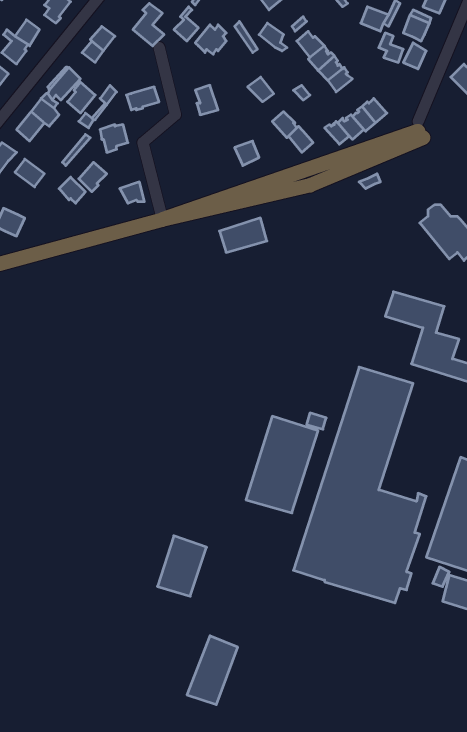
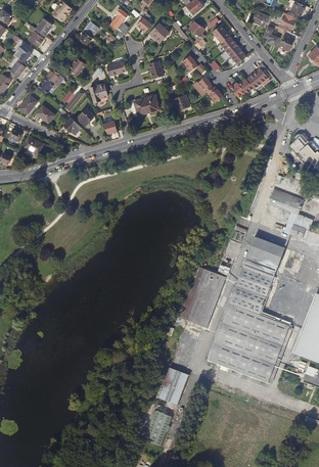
building: [219,218,267,252] -> [129,94,158,115]
building: [157,536,207,596] -> [157,366,188,404]

